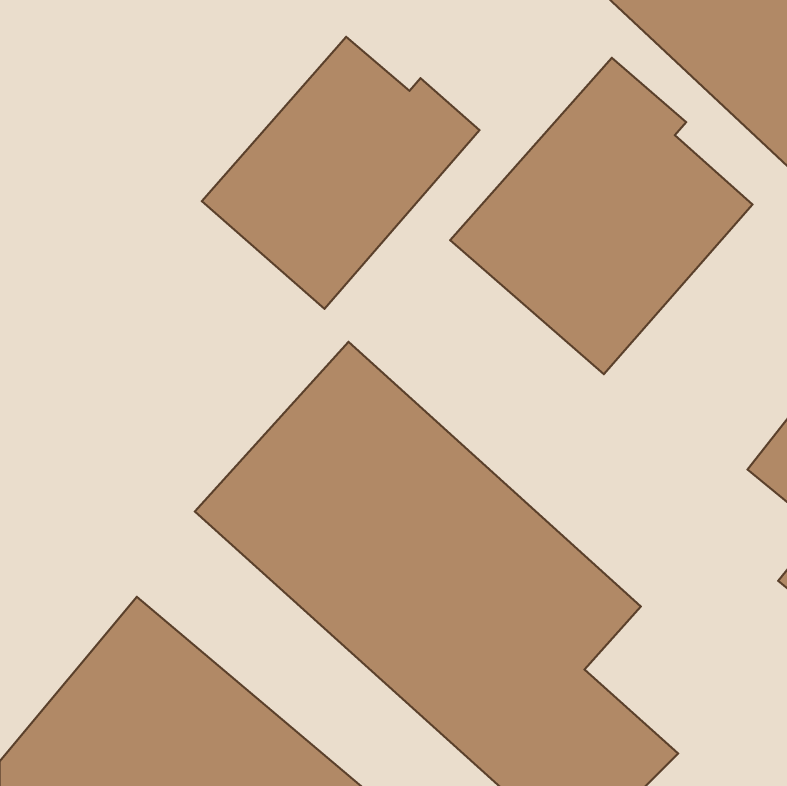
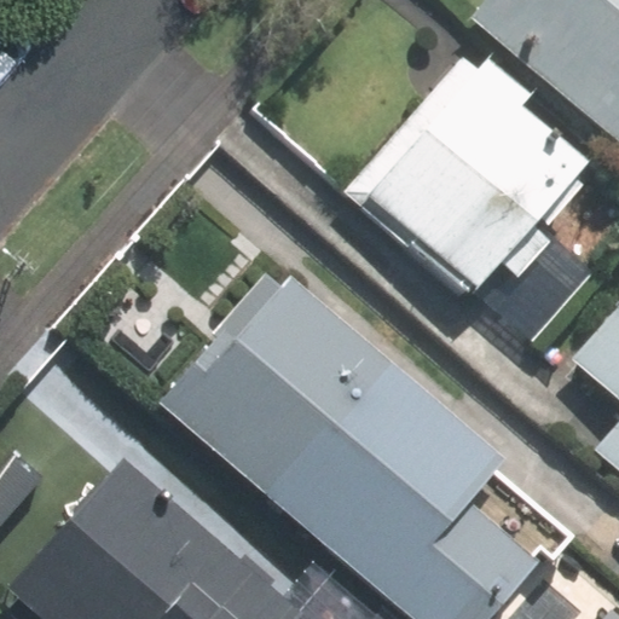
building: [202,37,480,309] -> none

